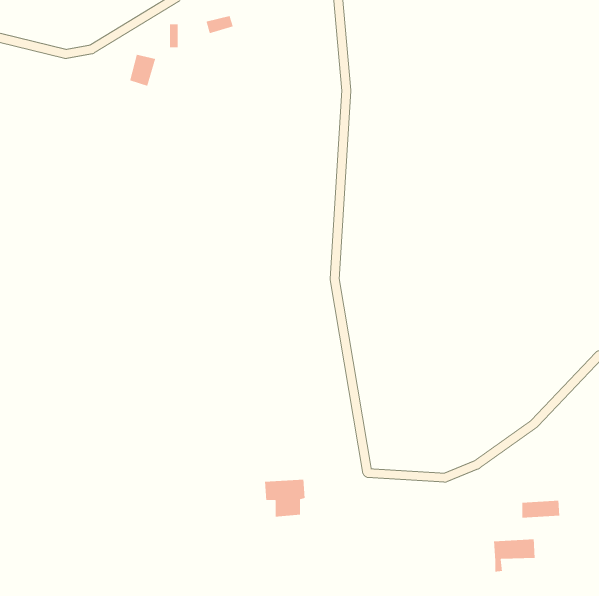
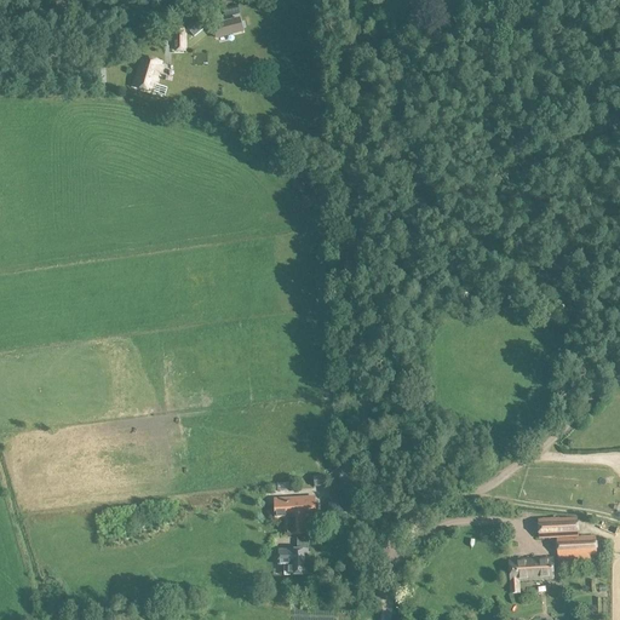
building: none -> [555,534,596,555]
building: none -> [279,547,310,573]

